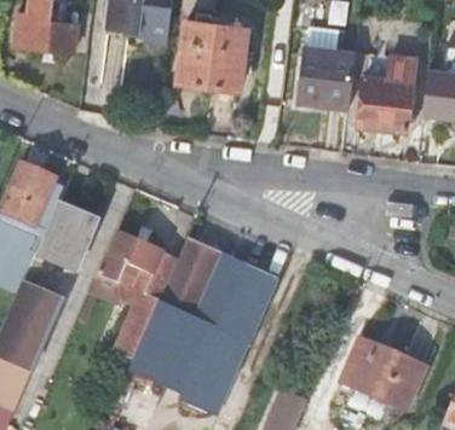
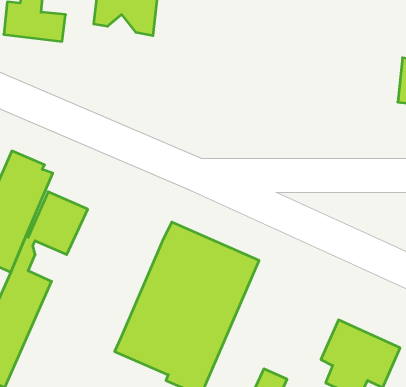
building: [177,18,248,89] -> none
building: [296,24,355,105] -> none
building: [358,53,414,130] -> none
building: [92,229,178,359] -> none

